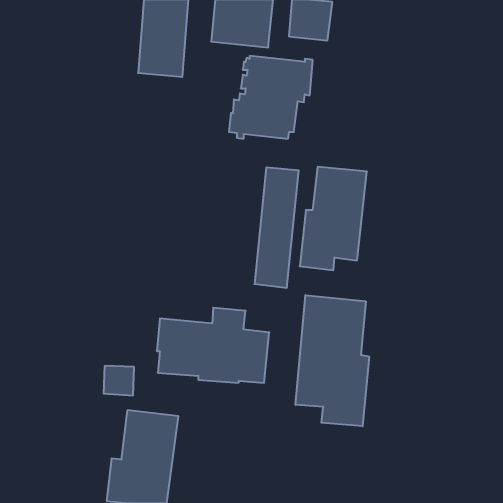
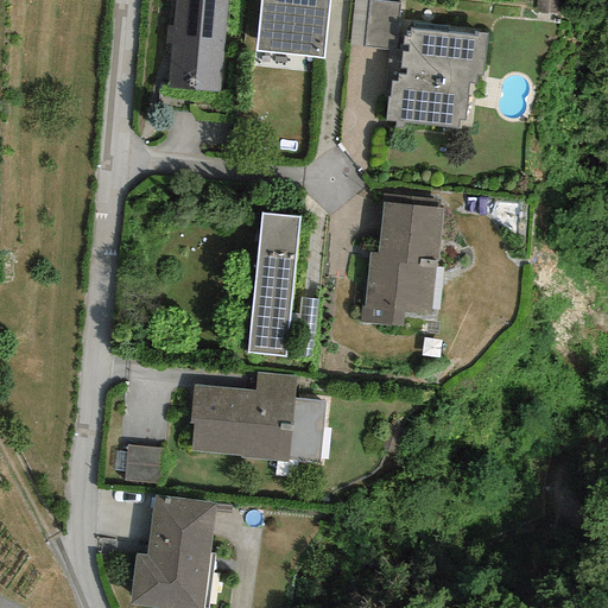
building: [229,56,313,139] -> [386,27,487,127]
building: [254,167,299,288] -> [247,213,300,357]
building: [295,295,369,426] -> none

